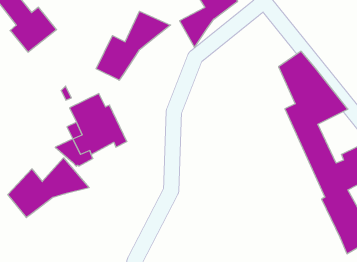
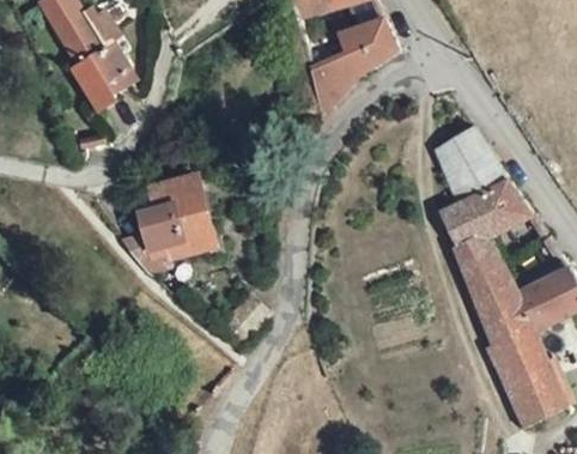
building: [96,11,171,80] -> none
building: [8,158,89,218] -> none

